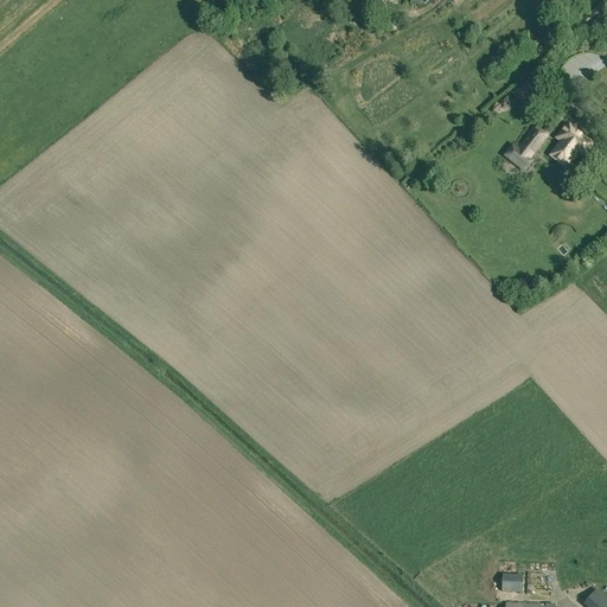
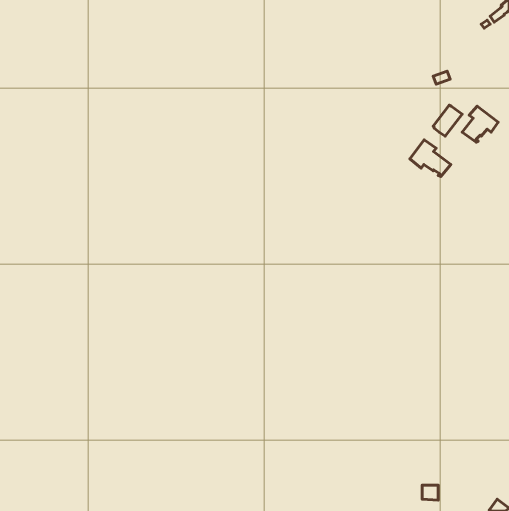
building: none -> [410,140,451,176]

